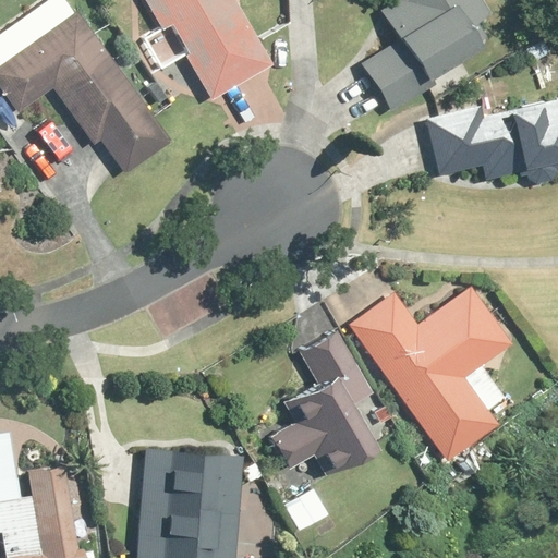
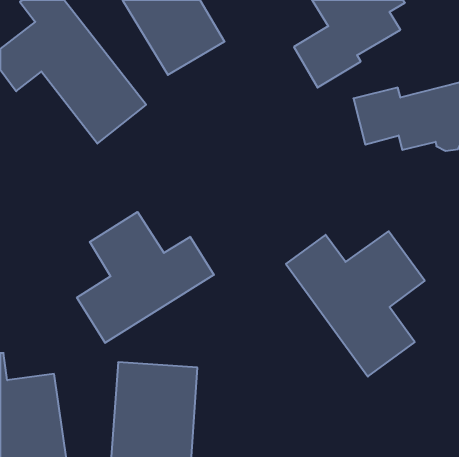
building: none -> [77,212,214,343]
building: [257,331,374,488] -> none

